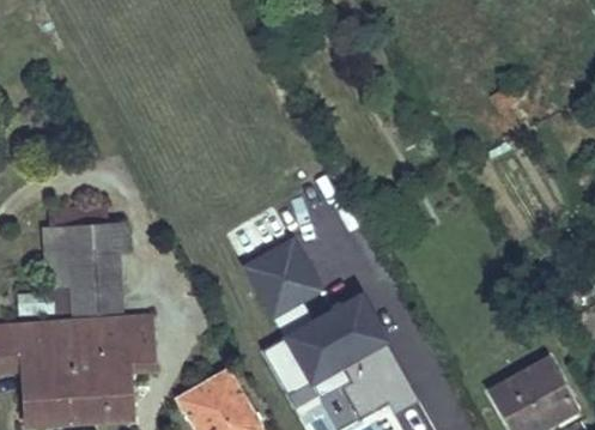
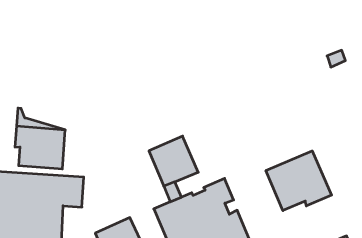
building: [50,224,127,250] -> none
building: none -> [266,151,332,211]

